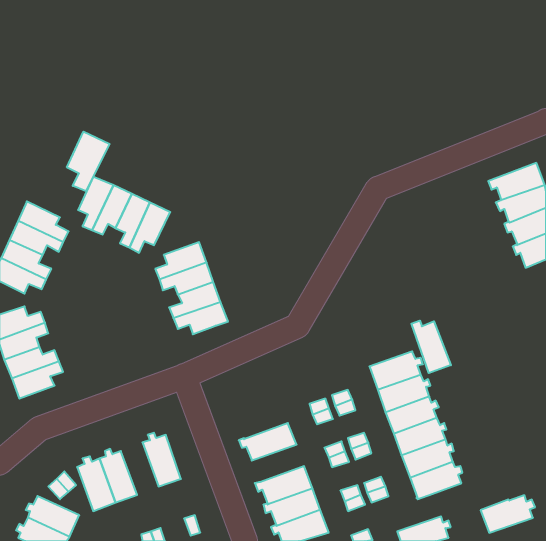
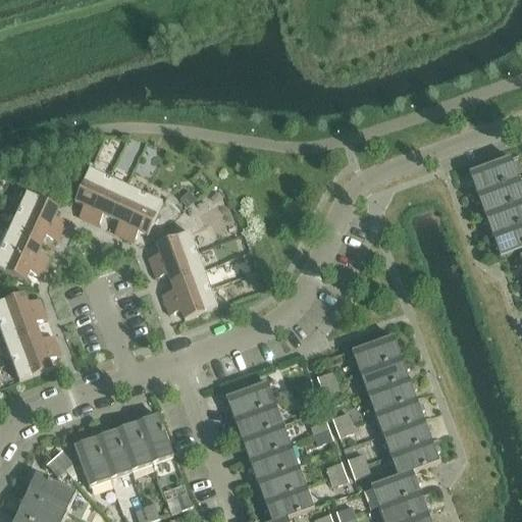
building: [67,132,110,191] -> none
building: [411,321,451,373] -> none
building: none -> [220,380,274,418]
building: none -> [115,420,151,471]
building: none -> [236,423,290,459]
building: [481,495,535,533] -> [370,470,422,506]

